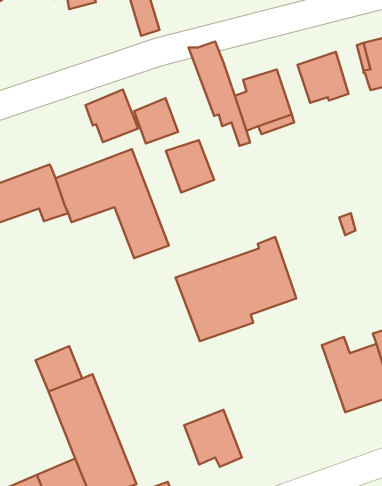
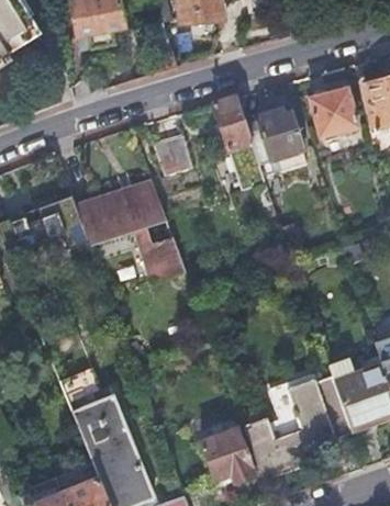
building: [85,89,138,142] -> none
building: [166,140,214,192] -> none
building: [176,237,296,341] -> [238,374,353,473]

